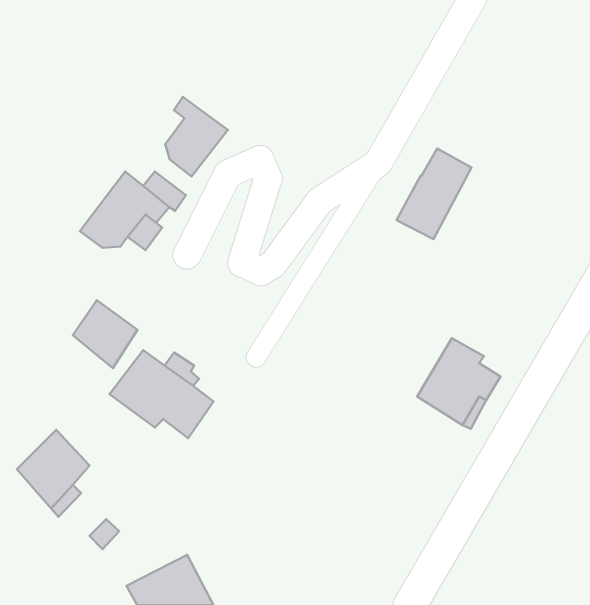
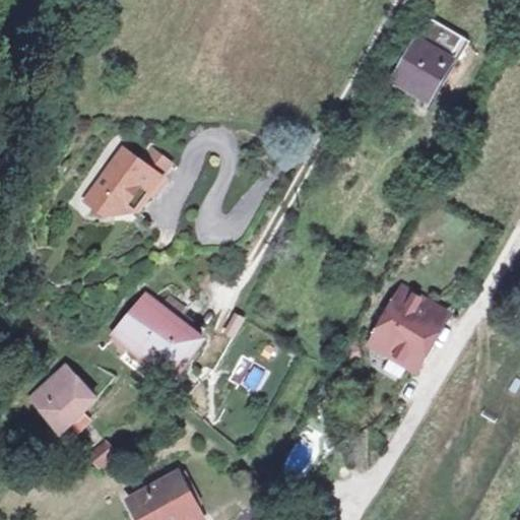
building: [165,97,228,177] -> none
building: [397,149,472,239] -> [392,16,456,93]
building: [73,300,137,368] -> none

